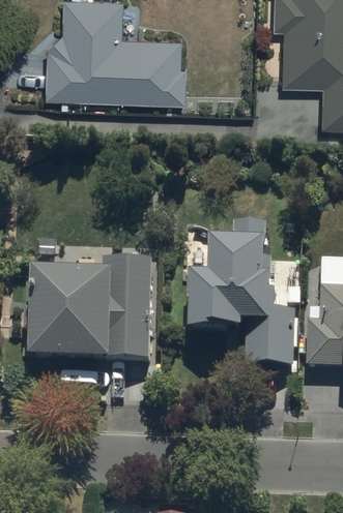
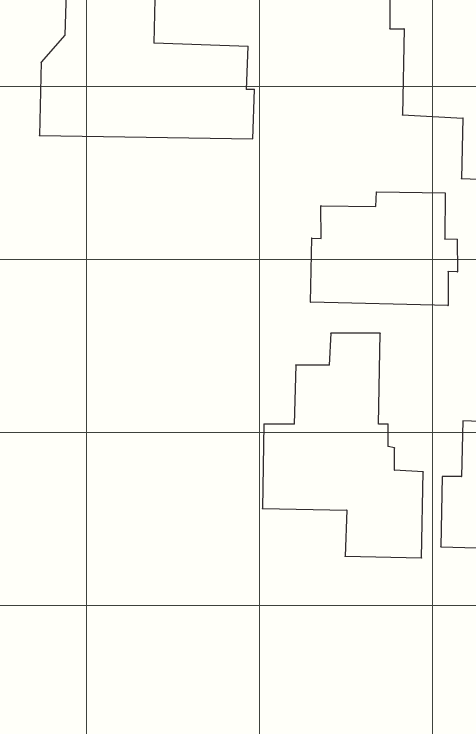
building: none -> [311,192,457,306]
building: [26,254,153,362] -> none

